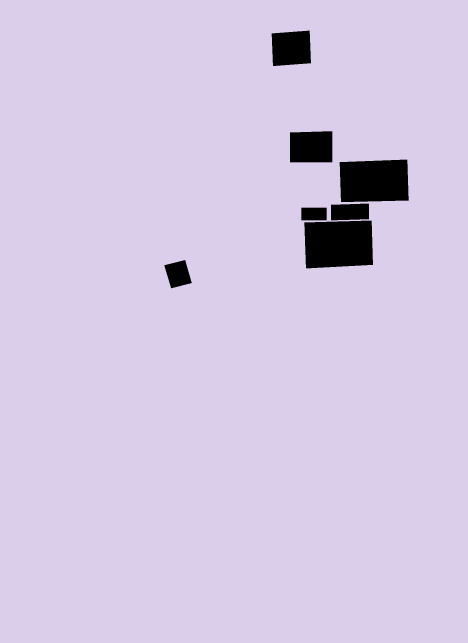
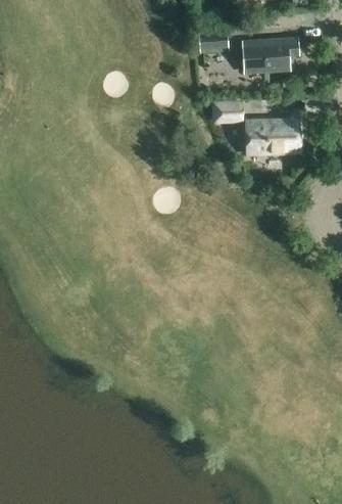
building: none -> [245,39,298,71]
building: [304,220,374,269] -> none

